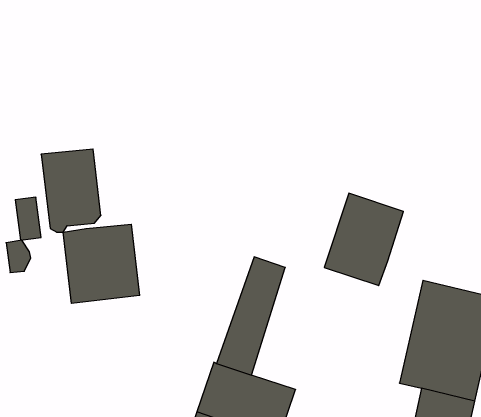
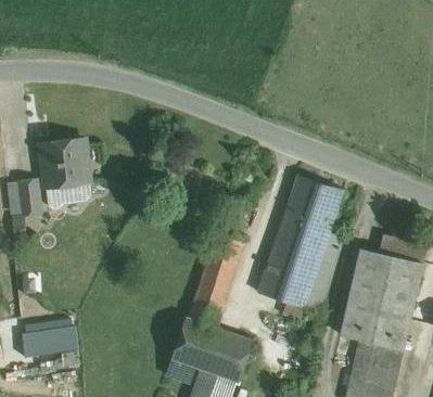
building: [63,224,140,303] -> none
building: none -> [258,232,343,313]
building: none -> [23,328,77,355]

